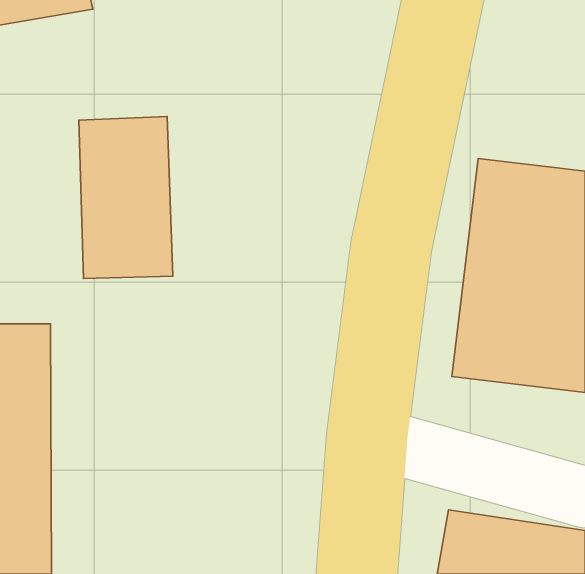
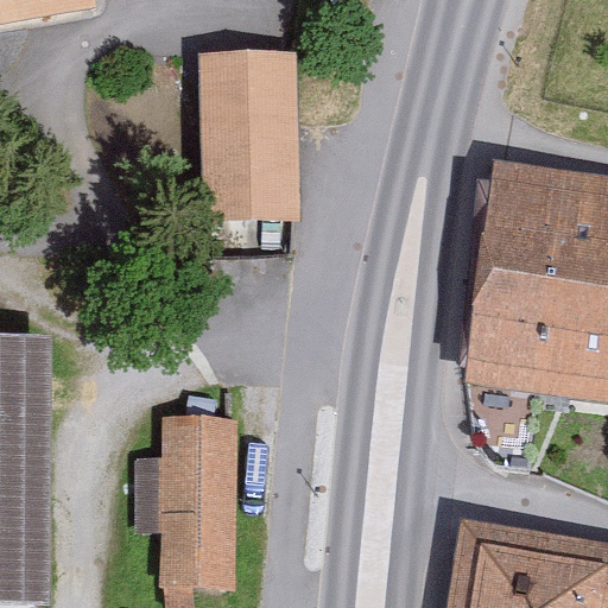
building: [79,117,173,278] -> [200,49,297,216]
building: none -> [138,414,235,588]

